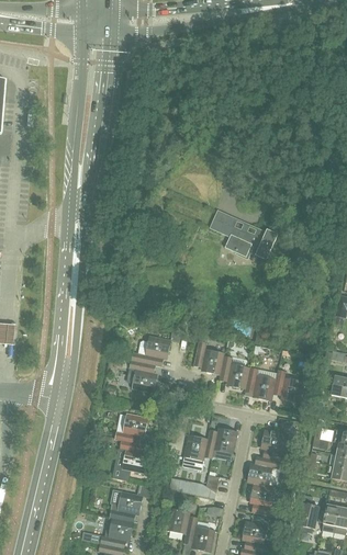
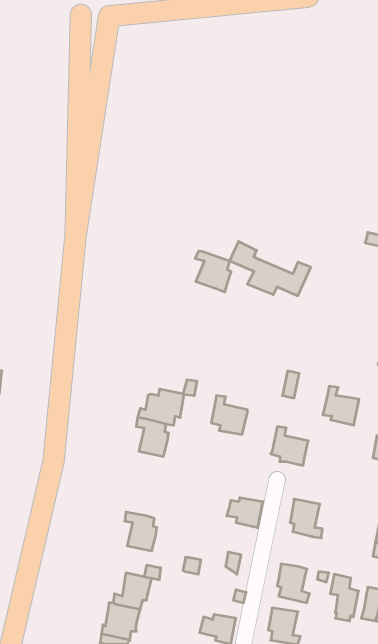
building: none -> [195,251,231,292]
building: [219,354,249,387] -> none
building: [272,369,303,401] -> [323,386,359,425]
building: [107,411,148,442] -> none
building: [184,433,215,458] -> none
building: [247,454,280,485] -> none
building: [166,508,198,532] -> none

